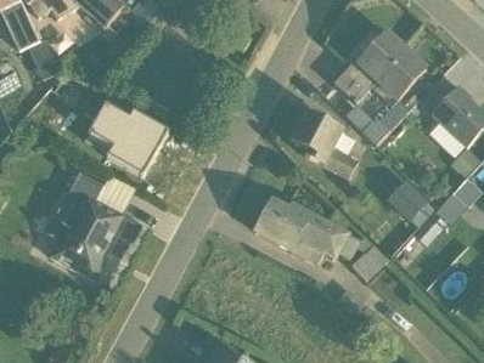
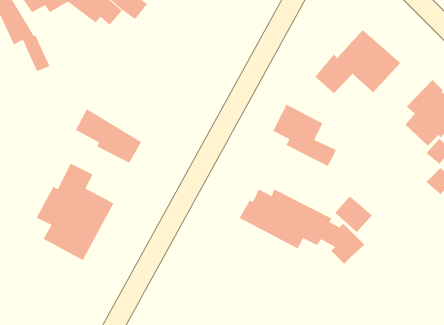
building: [96,93,168,151] -> none
building: [345,100,407,142] -> none
building: [388,177,428,216] -> [335,196,373,233]

